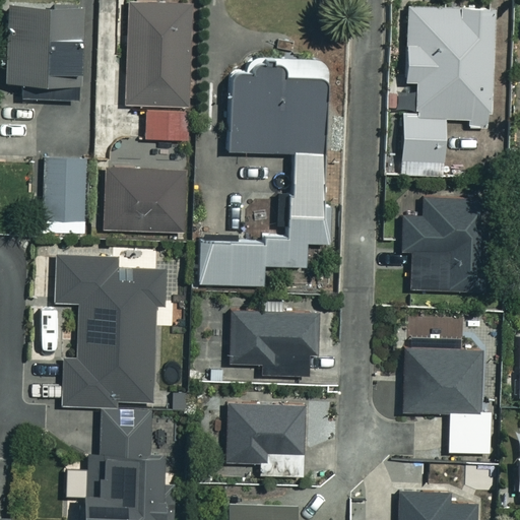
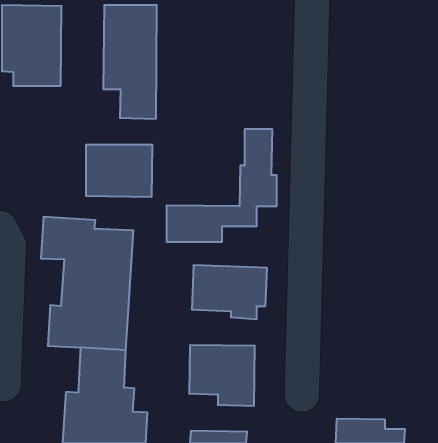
building: [402,7,491,167] -> none
building: [229,59,325,151] -> none
building: [46,157,90,235] -> none
building: [404,195,470,289] -> none
building: [404,337,489,451] -> none

